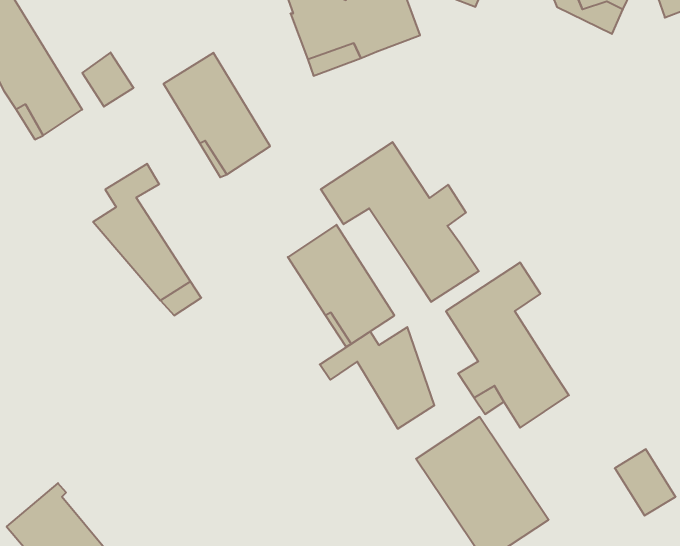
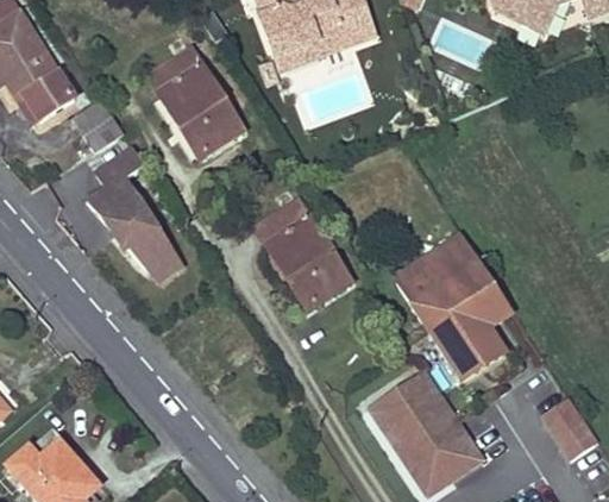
building: [82,52,134,107] -> [75,101,120,149]
building: [321,142,479,302] -> none
building: none -> [456,261,511,326]
building: [320,327,434,429] -> none

